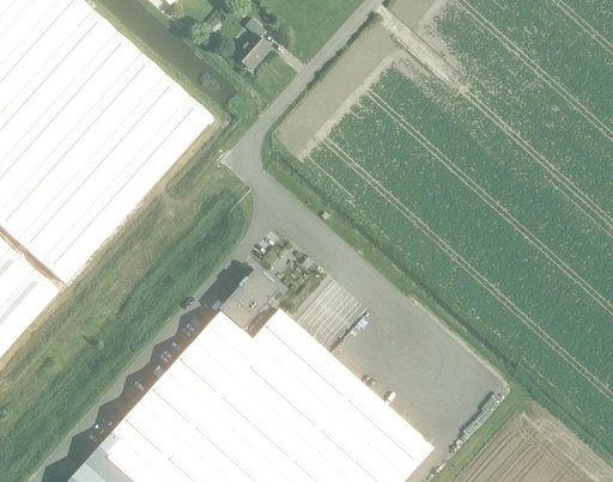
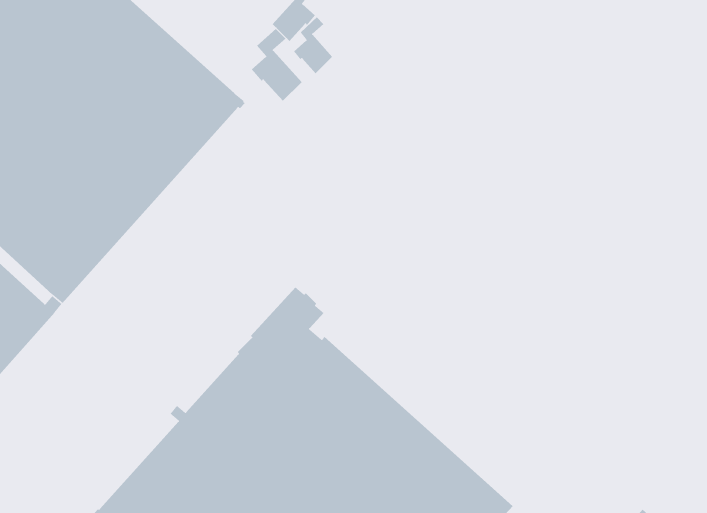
building: none -> [293,17,333,74]
building: none -> [251,28,302,102]

